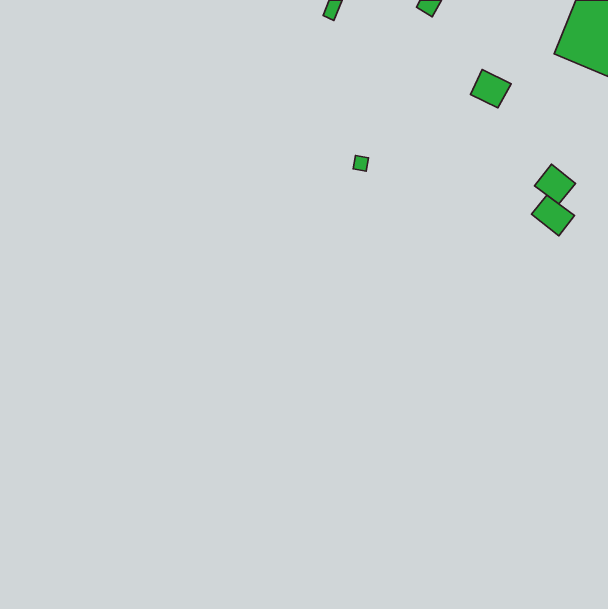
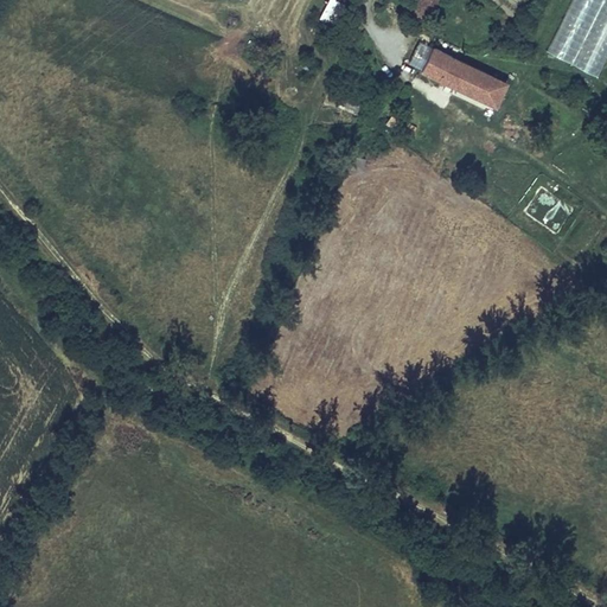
building: none -> [407,33,481,96]
building: [534,164,575,204] -> none

